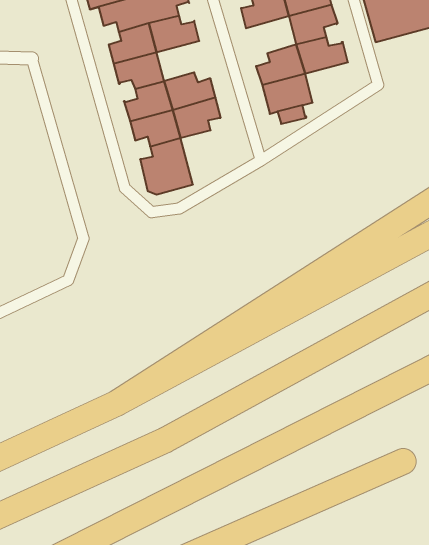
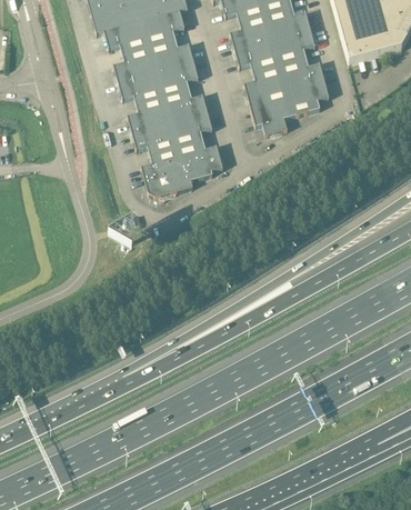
building: none -> [235,40,280,73]
building: none -> [157,62,200,98]
building: none -> [288,81,330,117]
building: none -> [178,141,224,189]

